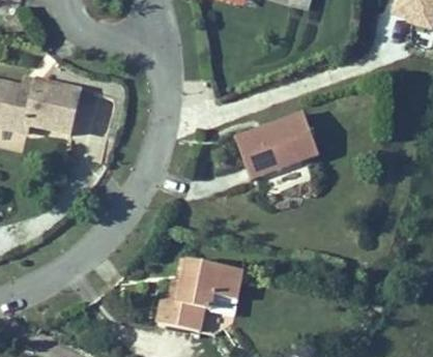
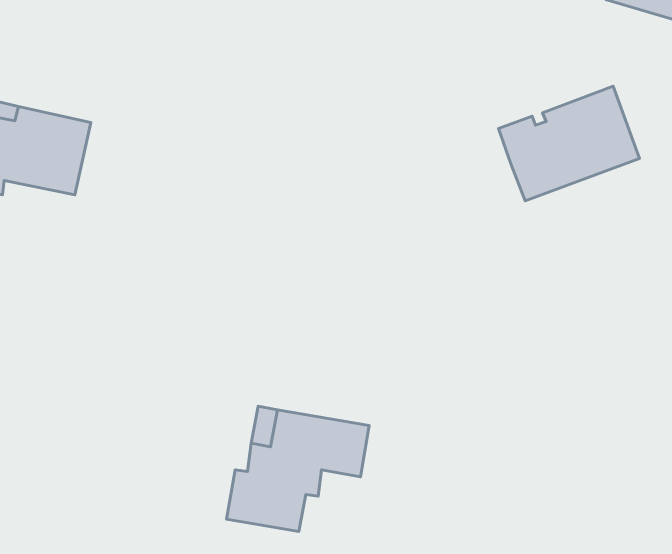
building: [236,110,319,177] -> [499,86,640,201]

